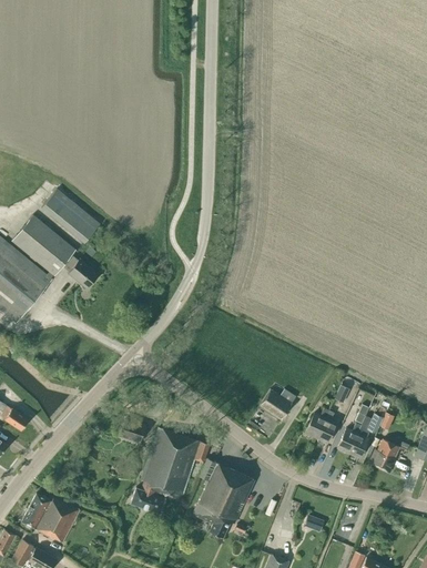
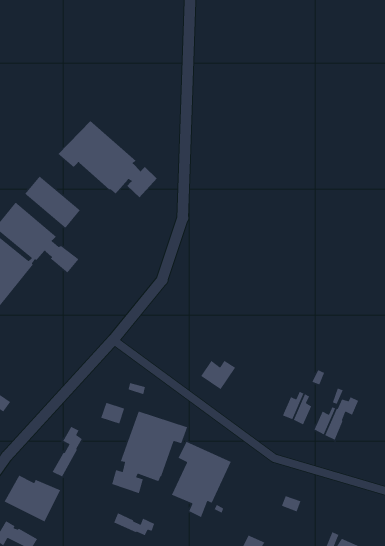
building: none -> [57,120,158,198]
building: [260,389,296,420] -> [200,360,236,390]
building: [369,439,400,473] -> none
building: none -> [51,426,83,478]
building: none -> [113,512,155,536]

